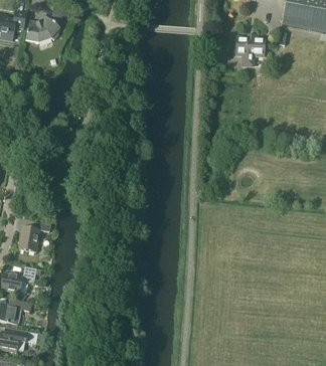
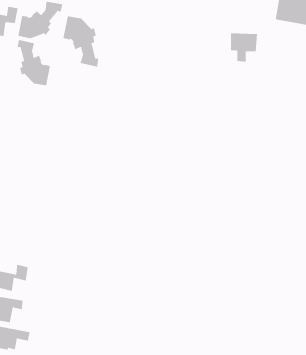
building: none -> [63,15,99,67]
building: none -> [17,39,51,86]
building: [17,221,50,252] -> none

